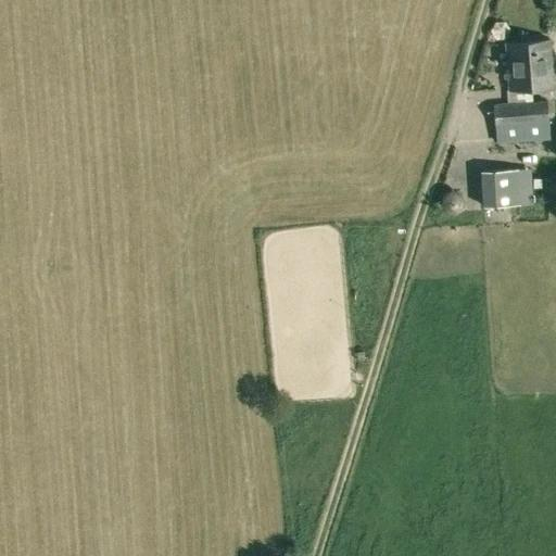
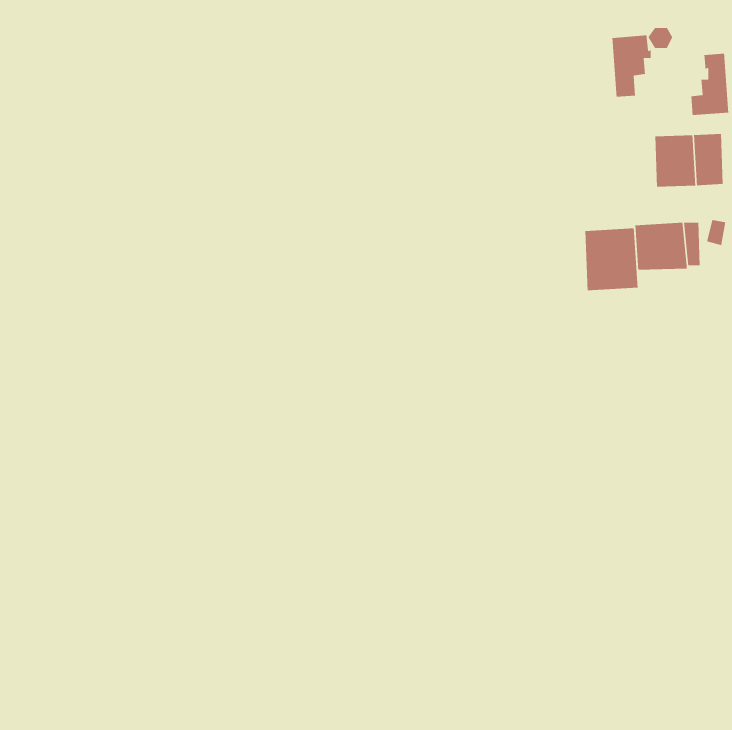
building: [506,42,536,90] -> [611,34,652,97]
building: none -> [585,227,639,291]

